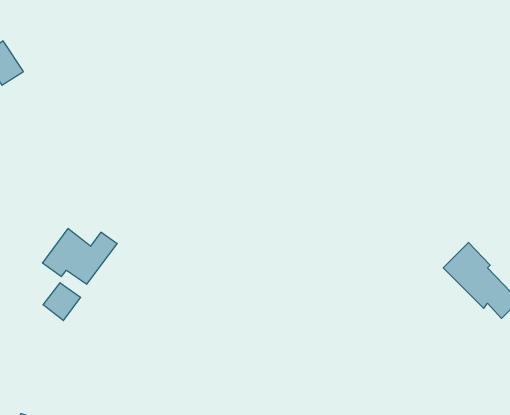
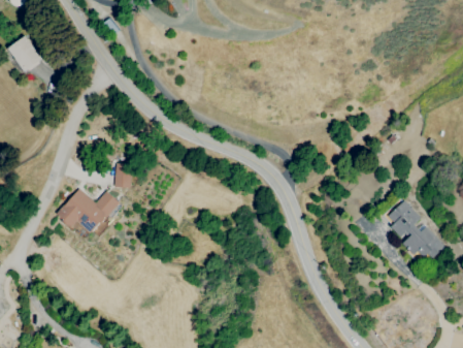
building: none -> [114,163,132,187]
building: [43,283,81,321] -> none

